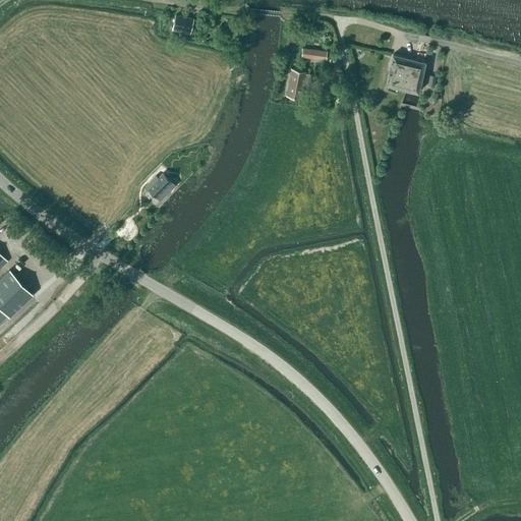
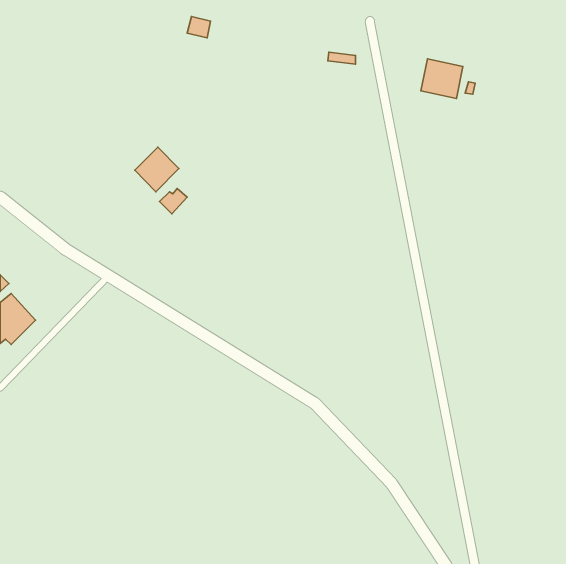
building: [286,70,310,100] -> none
building: none -> [135,147,179,192]

